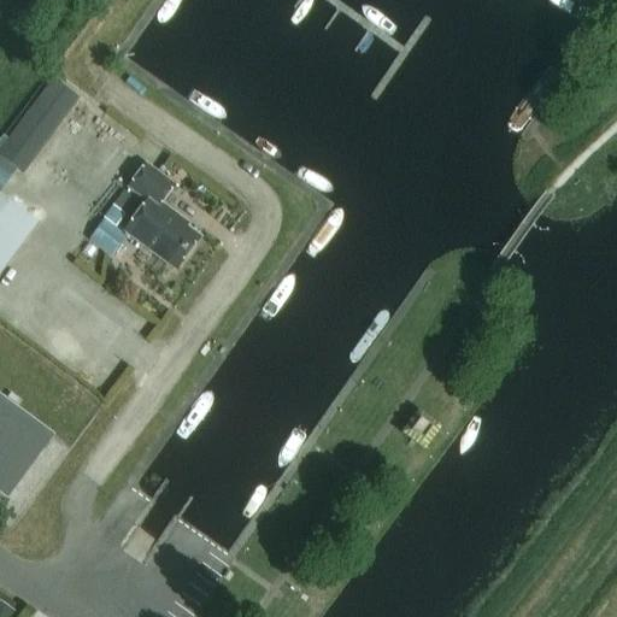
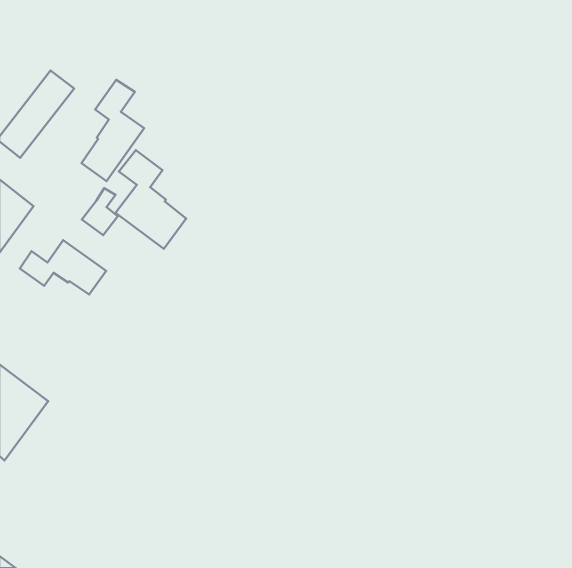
building: none -> [81,80,144,181]
building: none -> [20,240,106,295]

